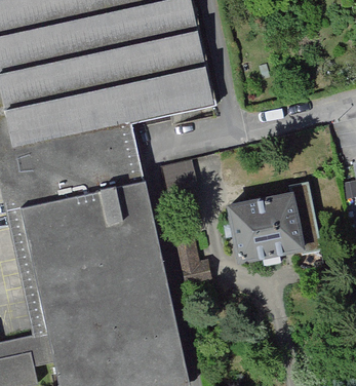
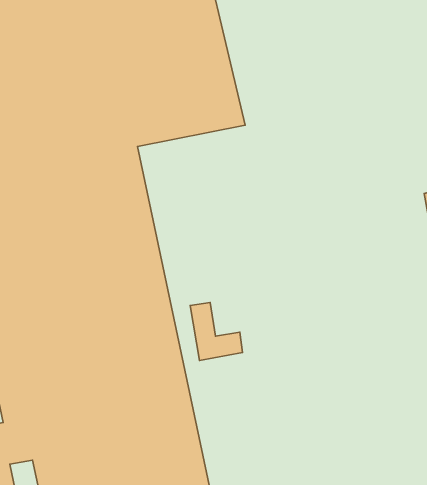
building: [228,187,319,270] -> none

